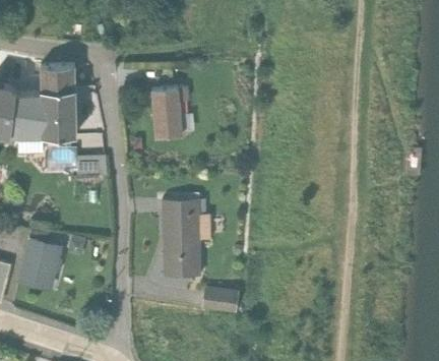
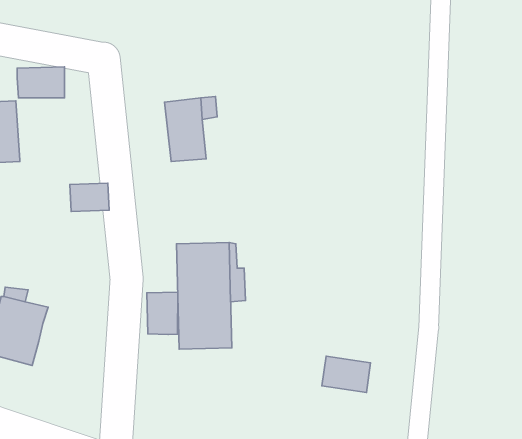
building: [39,89,77,136] -> none
building: none -> [147,292,178,334]
building: [201,288,238,315] -> [322,356,371,393]

